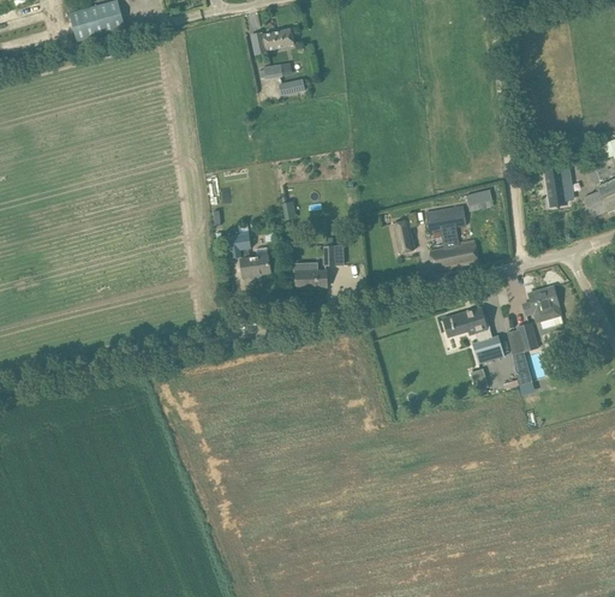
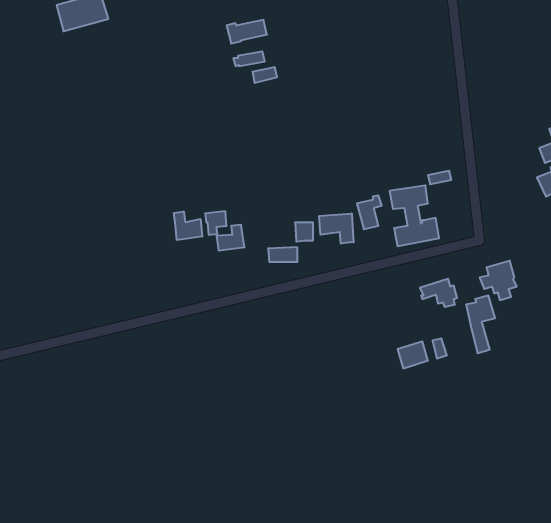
building: [544,165,573,205] -> none
building: none -> [174,211,202,240]
building: none -> [319,213,354,244]
building: [479,333,512,362] -> [398,341,428,368]

